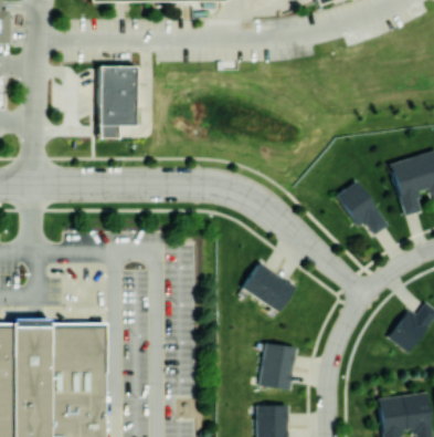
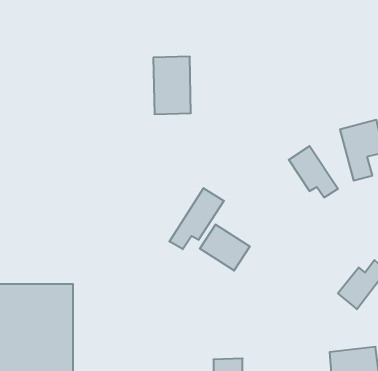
building: [103,66,142,127] -> [153,57,191,114]
building: none -> [169,188,224,249]
building: [260,343,295,391] -> none

